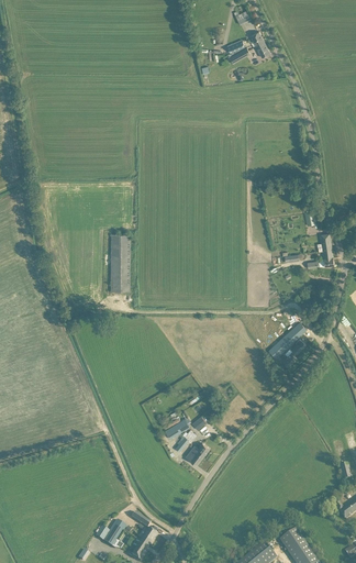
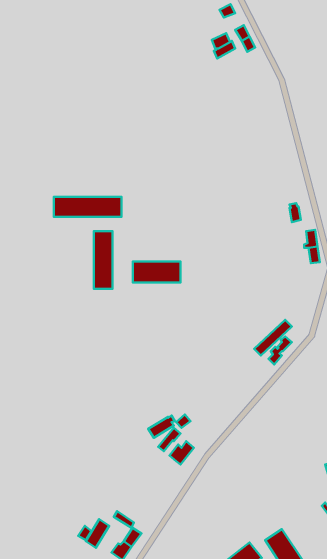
building: none -> [54,197,122,217]
building: none -> [133,261,181,282]

